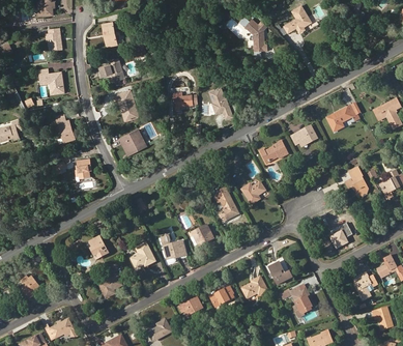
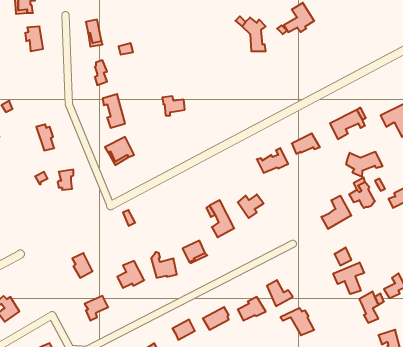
building: [38,69,64,94] -> none
building: [208,88,233,120] -> none
building: none -> [346,152,382,177]
building: none -> [321,196,351,229]
building: none -> [333,262,364,294]

